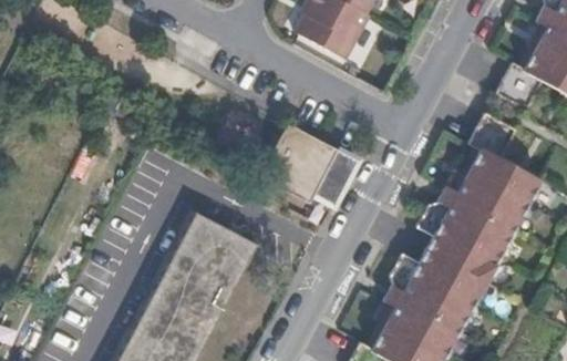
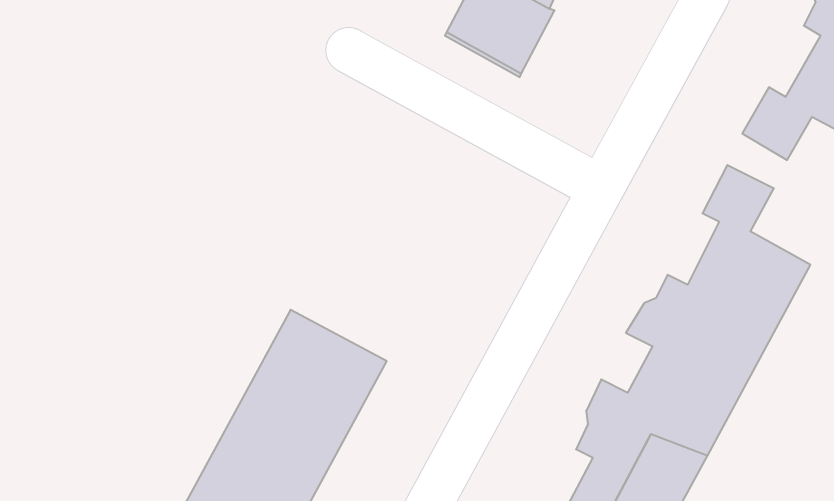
building: [260,123,355,206] -> none

